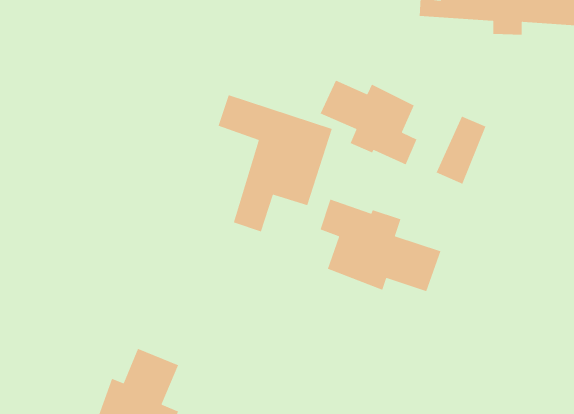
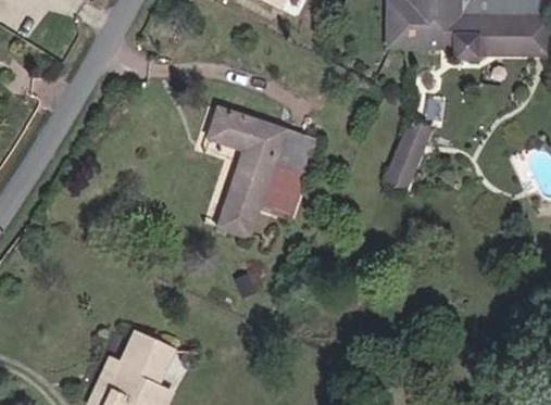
building: [320,79,417,165] -> none
building: [320,198,442,292] -> none

